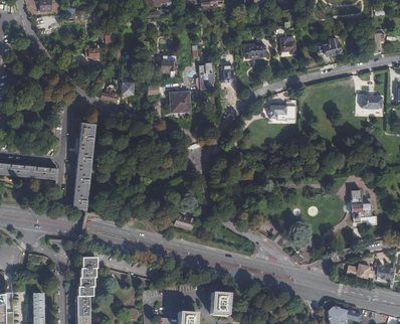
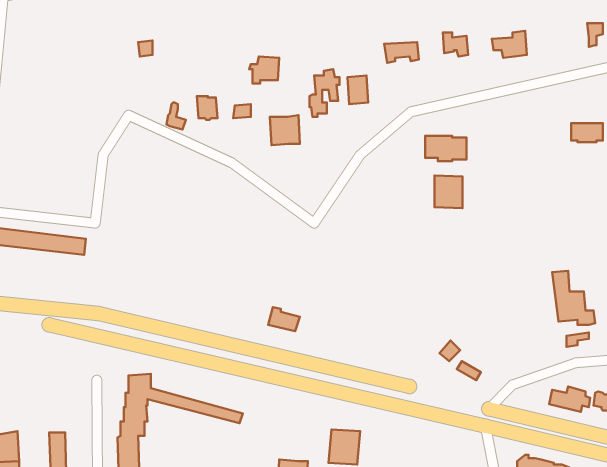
building: [70,124,93,212] -> none
building: none -> [434,175,462,208]

